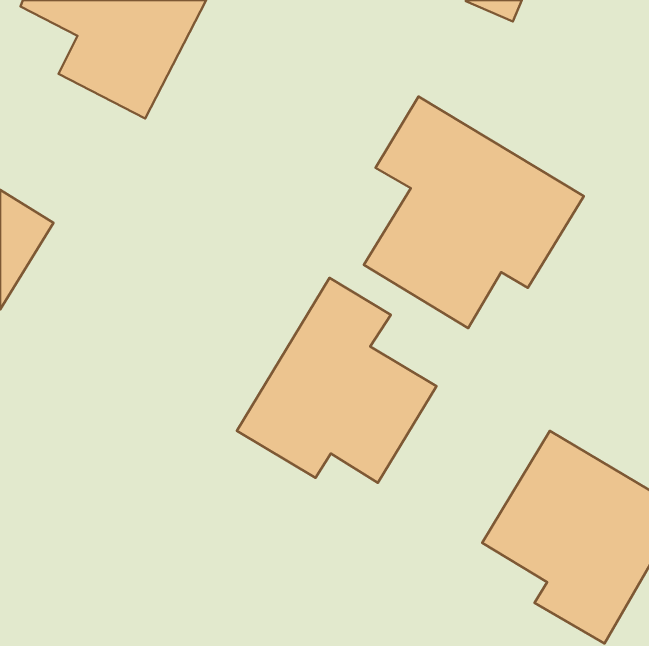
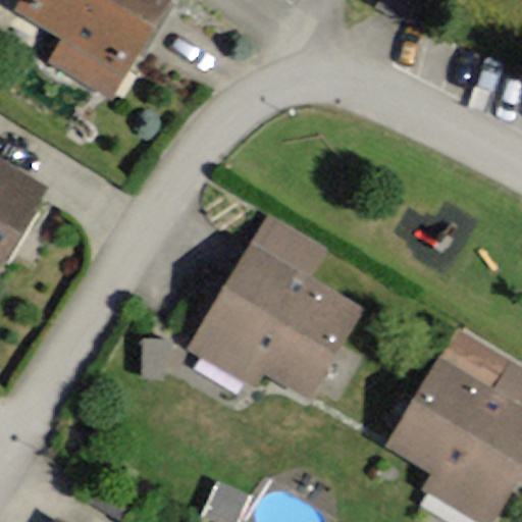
building: [364,97,584,328] -> none

